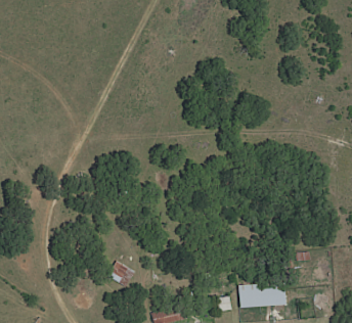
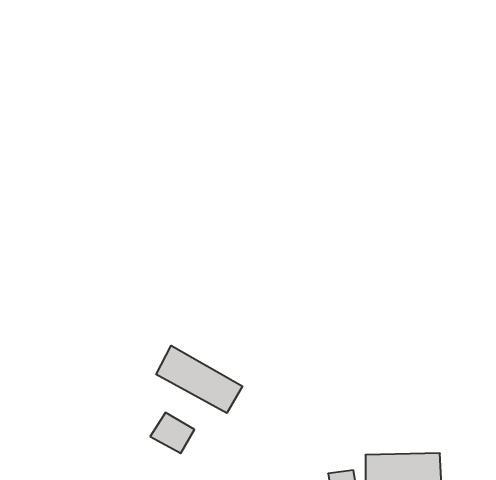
building: none -> [156,346,242,413]

